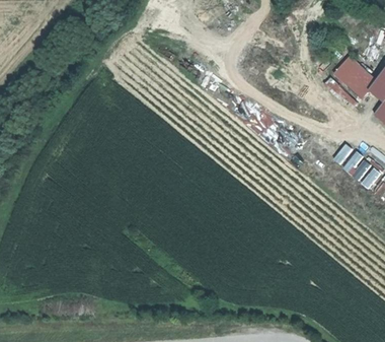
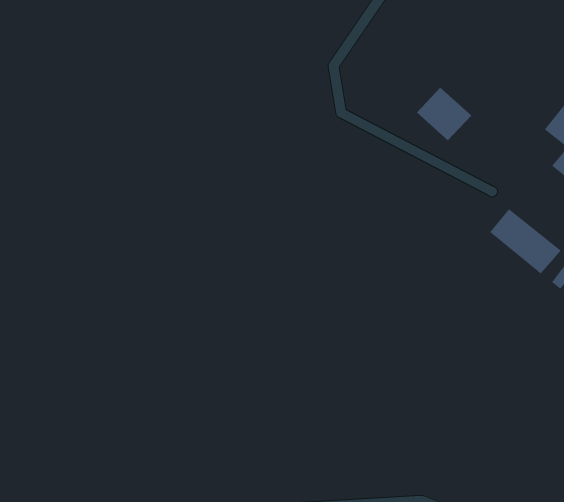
building: [332,58,370,94] -> [416,87,472,141]

